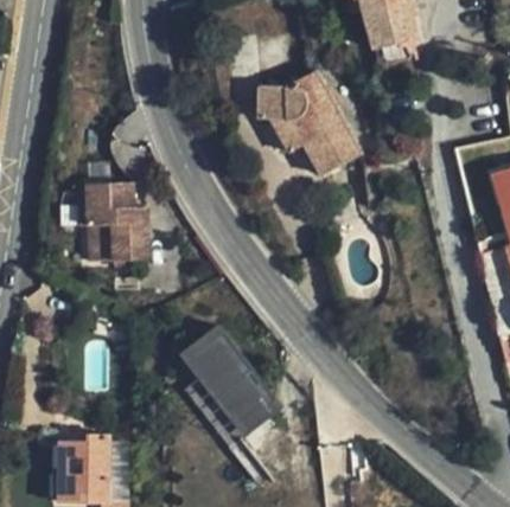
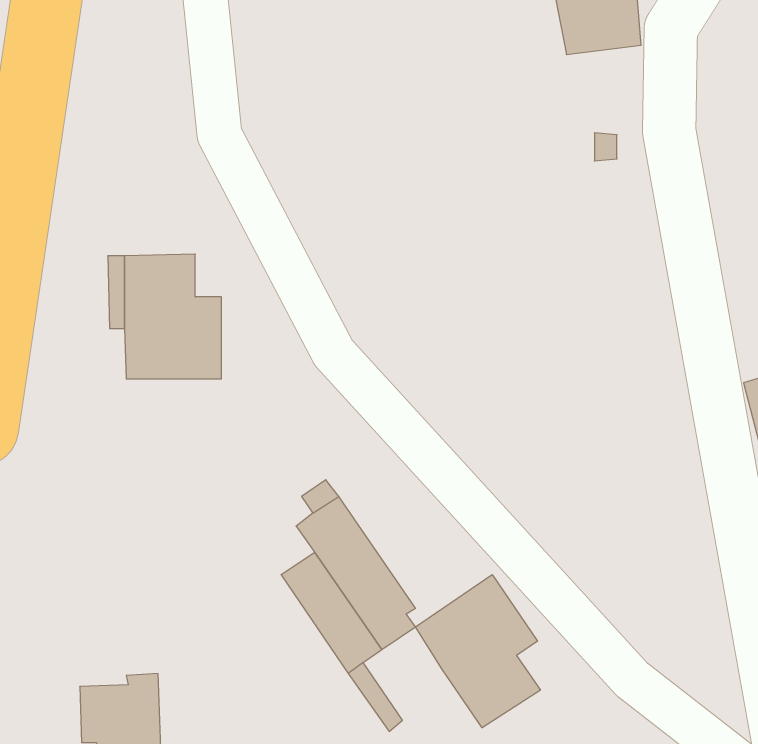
building: [254,64,353,173] -> none
building: none -> [415,575,540,728]

